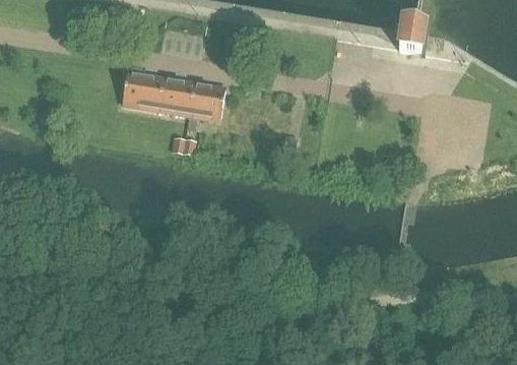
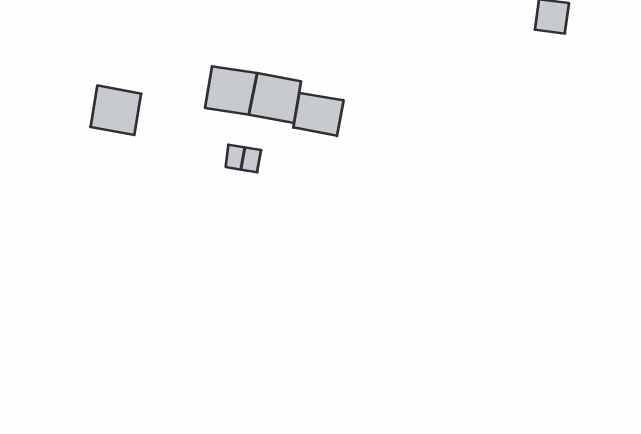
building: [122,69,159,106] -> [90,86,141,135]
building: none -> [293,93,343,136]

